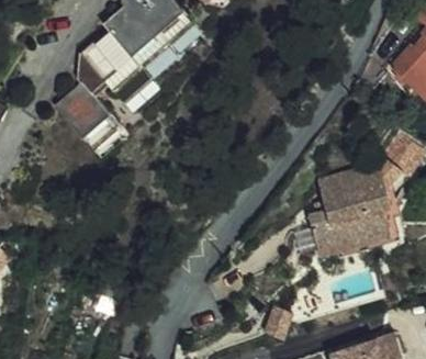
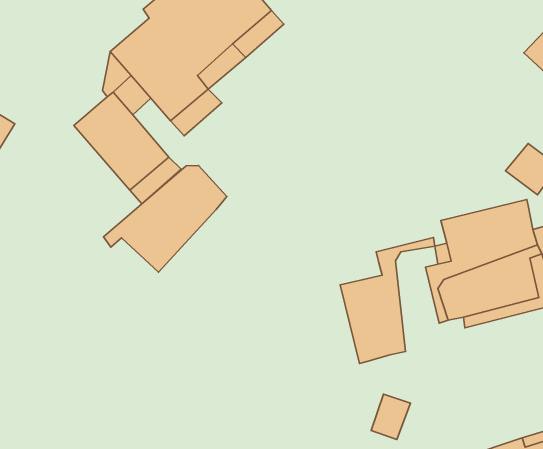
building: none -> [104,166,227,272]
building: none -> [340,238,435,363]

